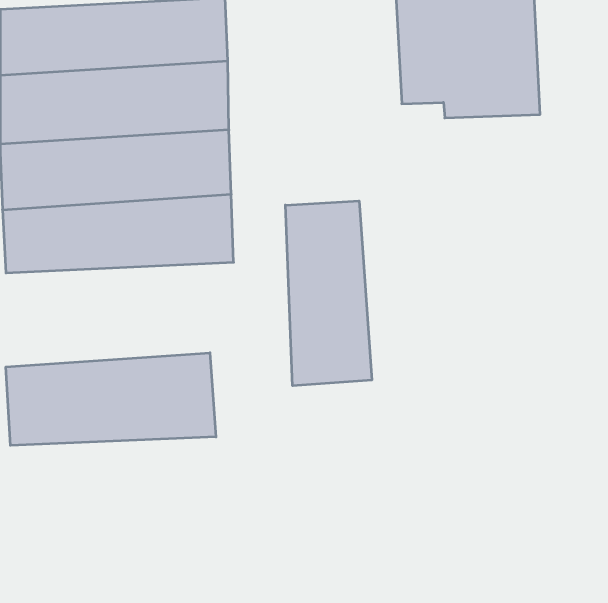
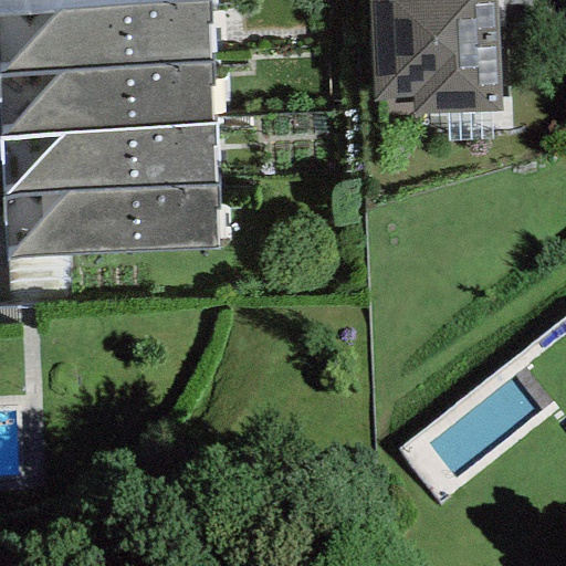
building: [285,201,372,386] -> none
building: [6,353,216,445] -> none

